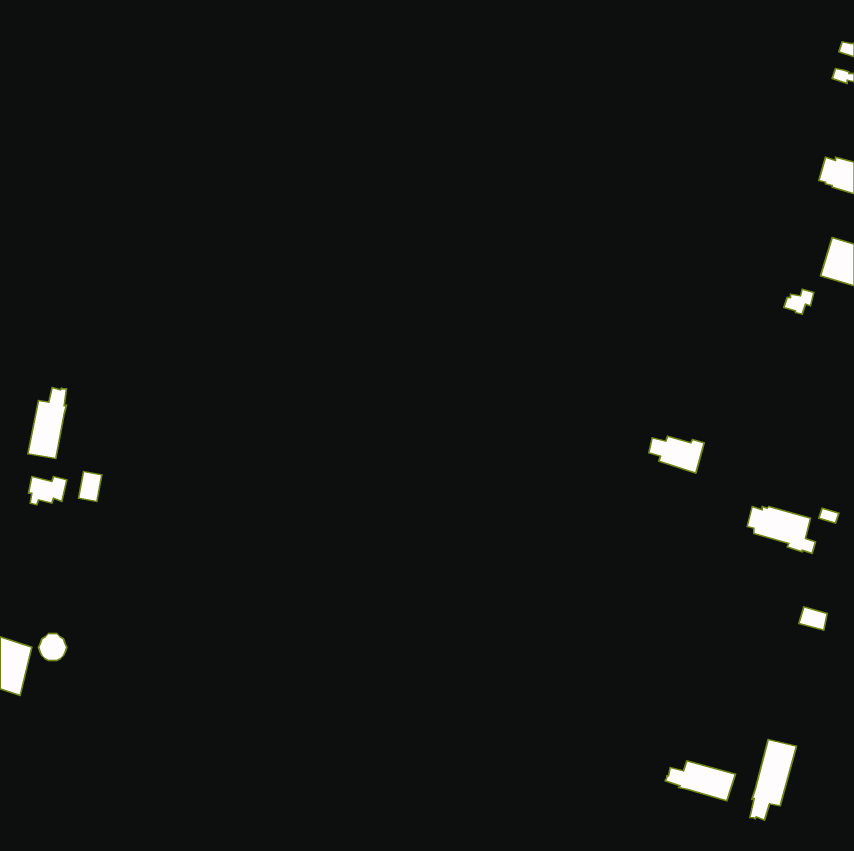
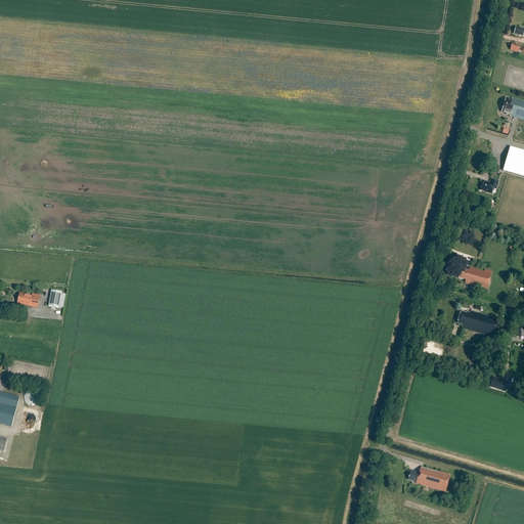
building: [28,387,67,458] -> none
building: [649,436,704,473] -> [458,266,492,289]
building: [750,739,797,820] -> none

